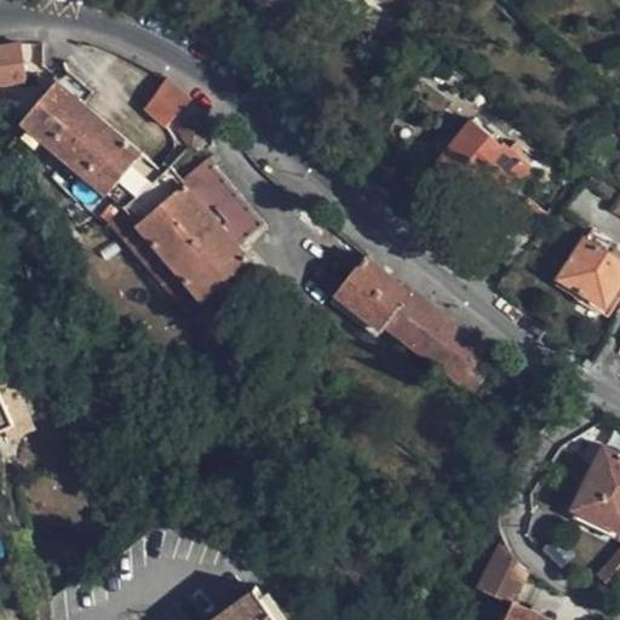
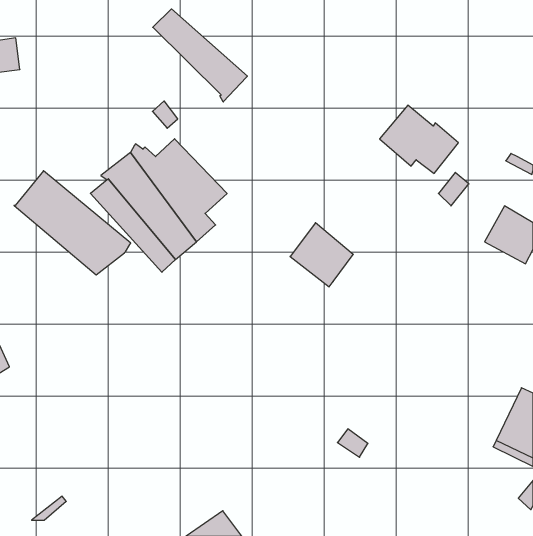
building: none -> [153,9,247,102]
building: [143,79,188,127] -> none
building: [22,82,156,202] -> [14,171,131,275]
building: [384,291,487,389] -> none
building: [472,546,527,603] -> none

